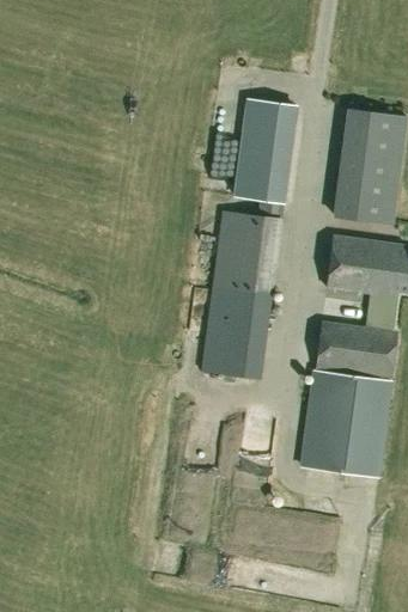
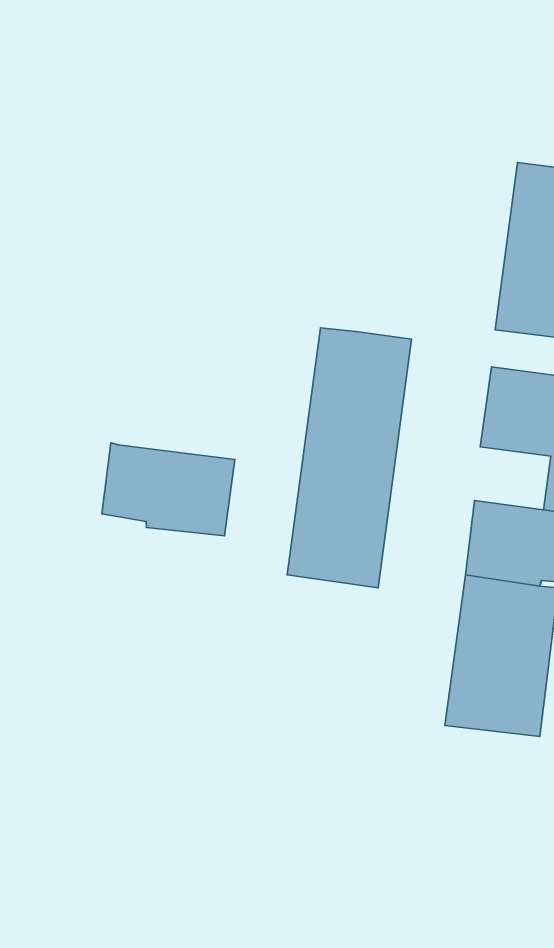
building: [237,99,297,202] -> none
building: none -> [102,443,235,536]

